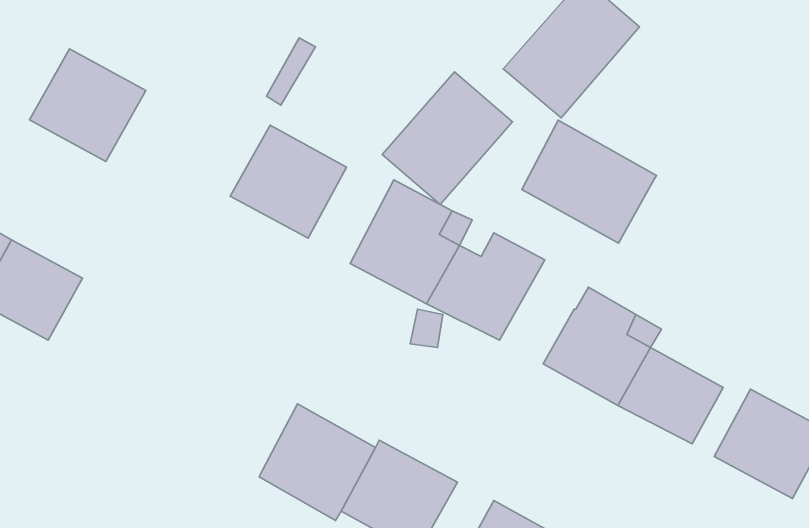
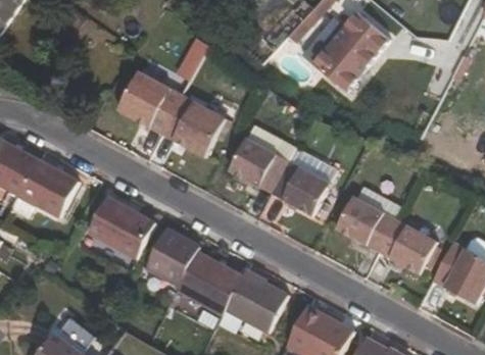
building: [29,49,146,162] -> [116,70,182,134]
building: [382,72,512,205] -> none
building: [522,120,656,243] -> none
building: none -> [87,196,154,258]
building: none -> [144,229,199,287]

